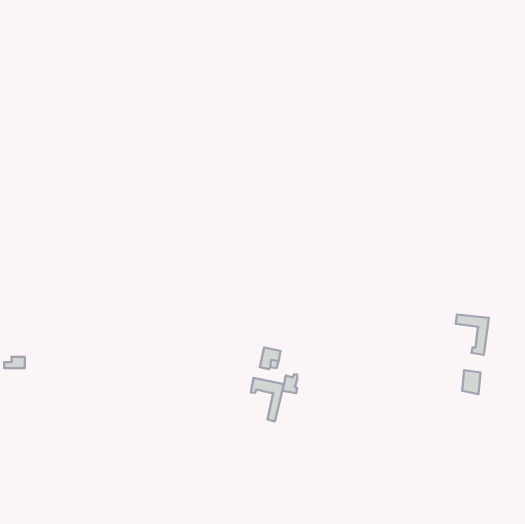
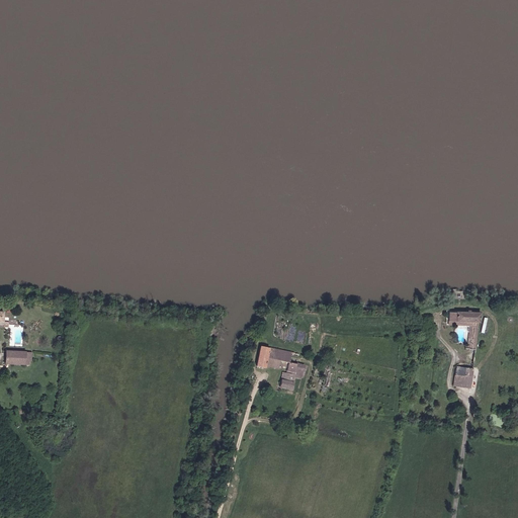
building: [251,378,284,421] -> none

